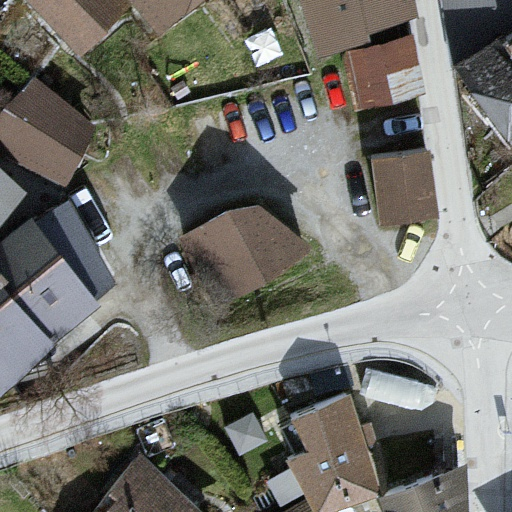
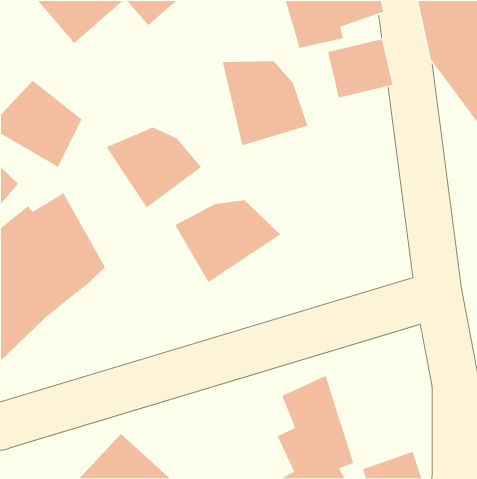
building: none -> [222,60,309,146]
building: none -> [105,127,202,208]
building: [376,155,434,221] -> none

